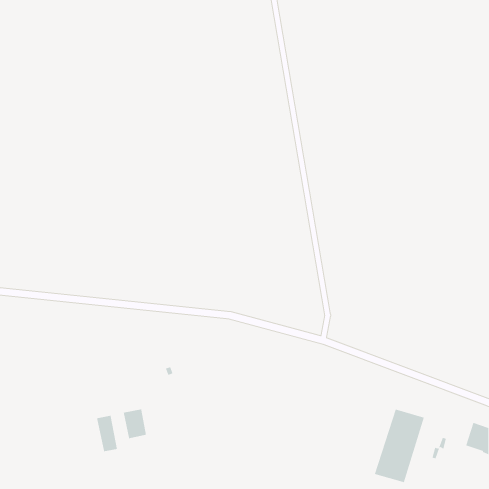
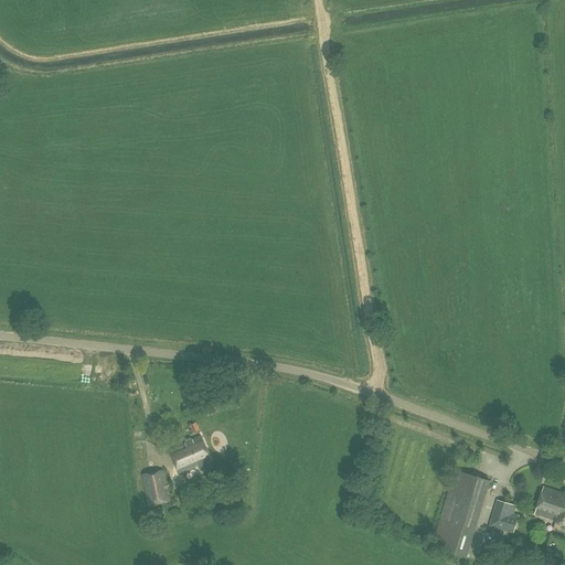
building: none -> [169,435,211,472]
building: [96,415,118,452] -> none

